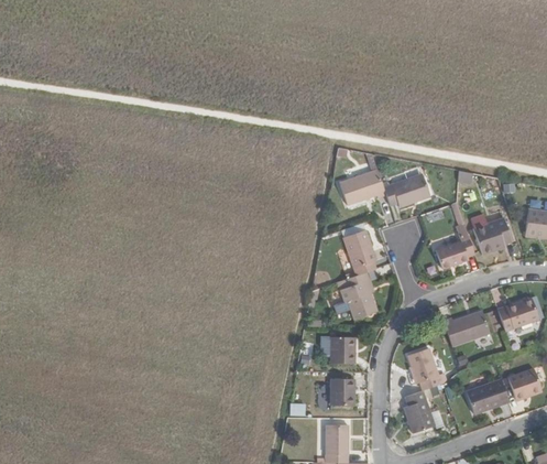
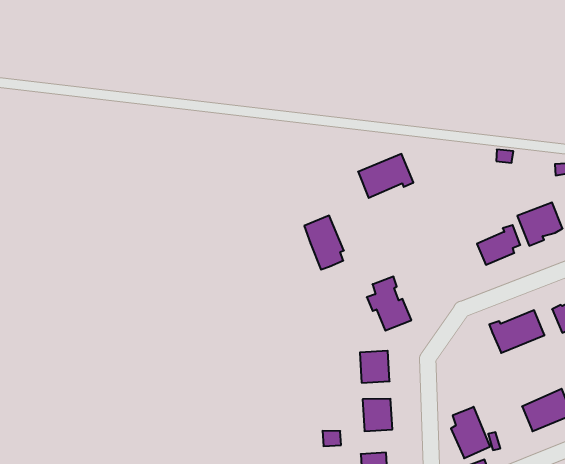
building: [390,171,429,204] -> none
building: [342,228,375,274] -> [304,216,344,270]
building: [408,347,441,390] -> none

